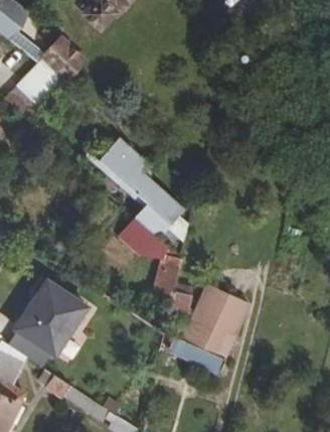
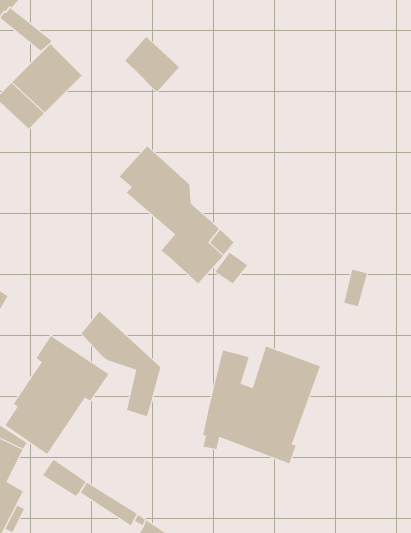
building: [43,39,85,82] -> [125,36,180,93]
building: [119,219,179,298] -> [80,311,161,417]

